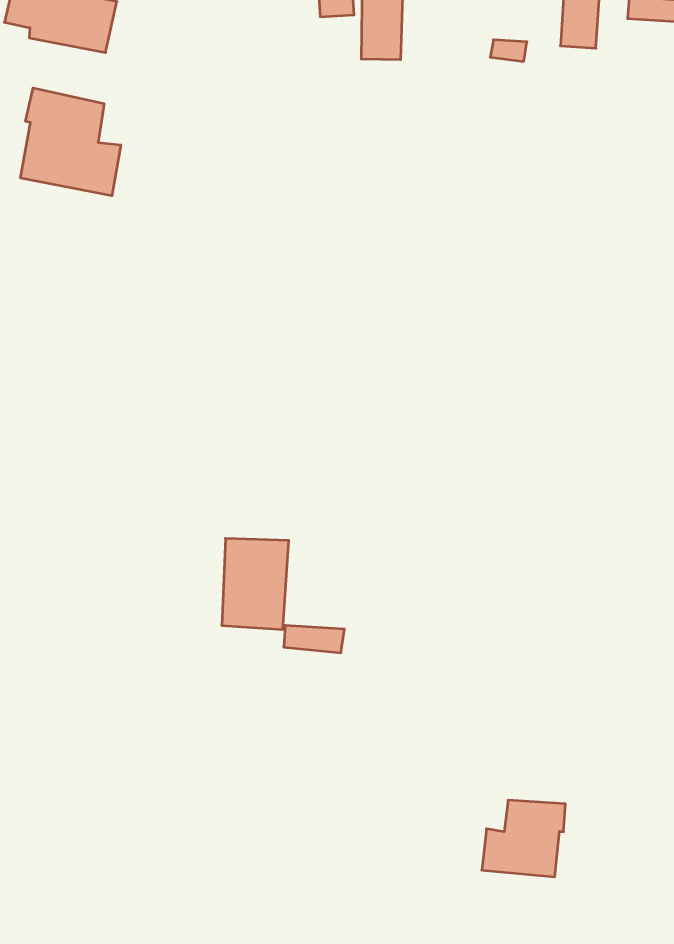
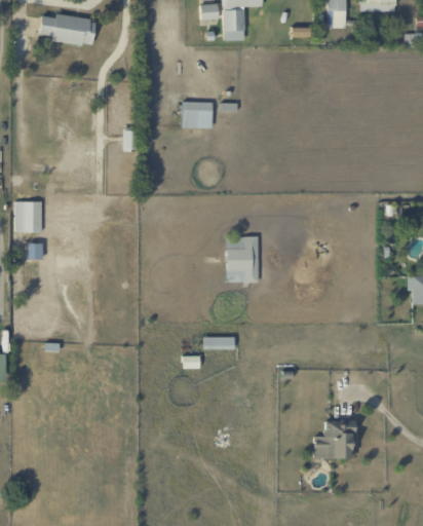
building: [21,88,121,196] -> none
building: none -> [183,102,213,128]
building: [222,538,289,629] -> [226,236,259,283]

